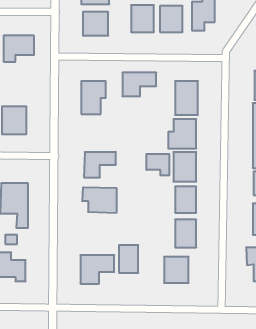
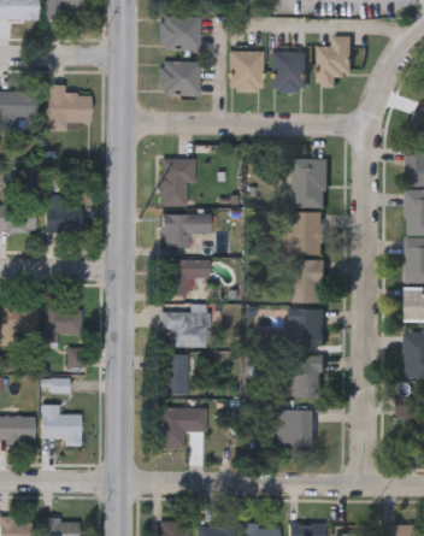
building: [122,73,156,96] -> [163,214,211,248]
building: [146,154,169,175] -> none
building: [119,245,138,273] -> [160,354,188,394]

